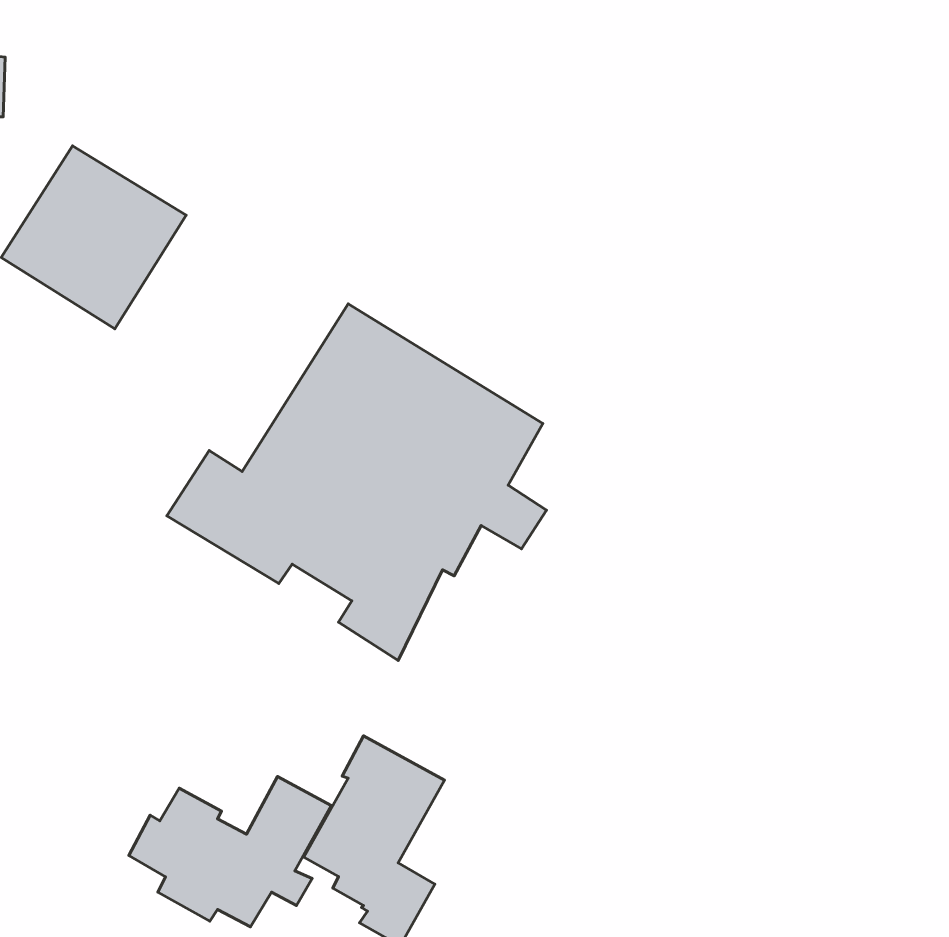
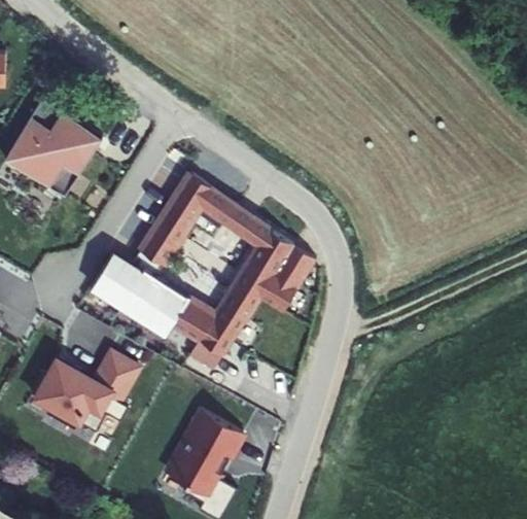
building: none -> [274,243,315,289]
building: [129,776,331,927] -> [30,347,138,427]

